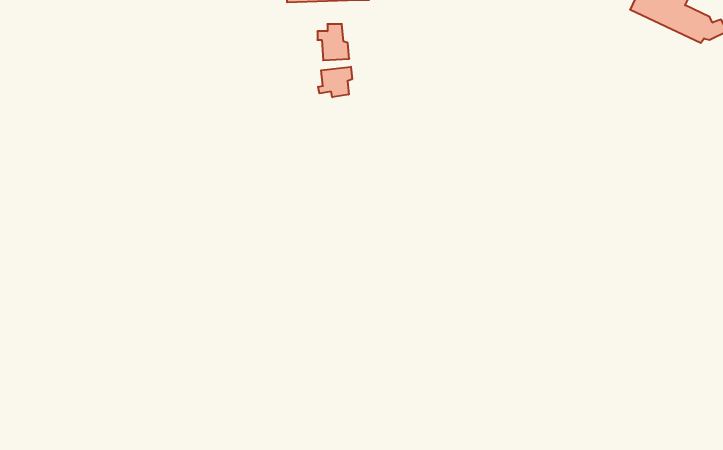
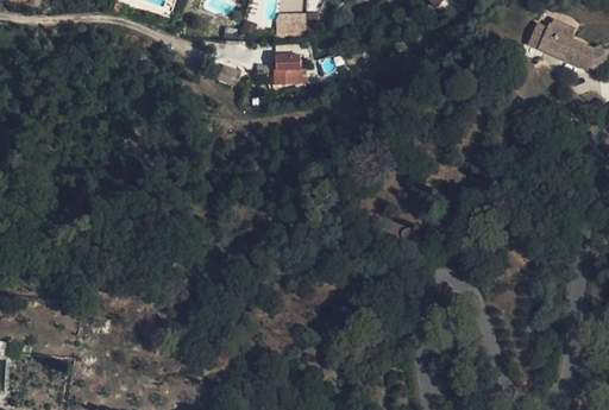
building: [318,67,352,97] -> none

